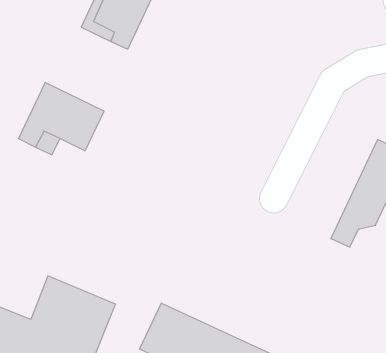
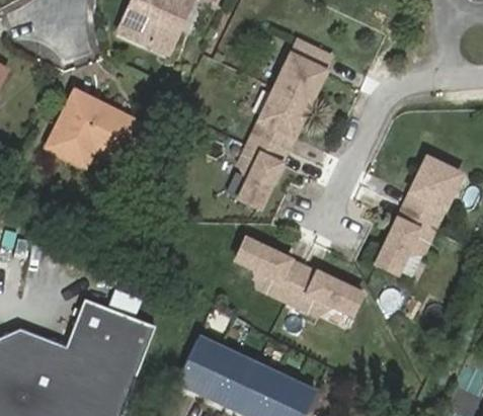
building: none -> [242,40,332,207]
building: none -> [238,239,367,314]

